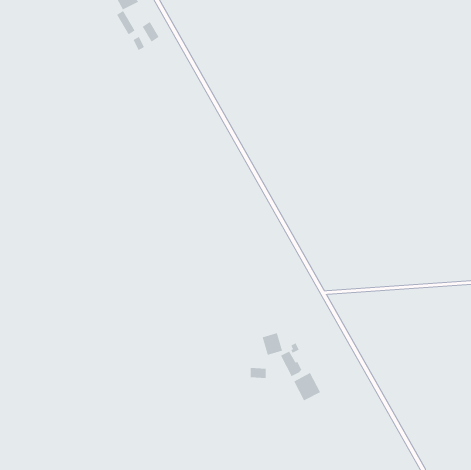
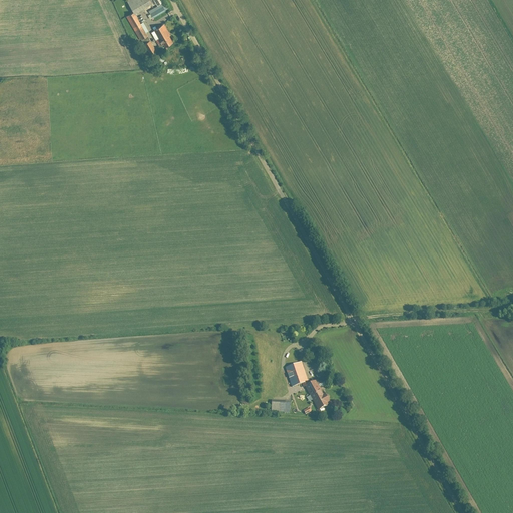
building: [293,372,321,401] -> none

